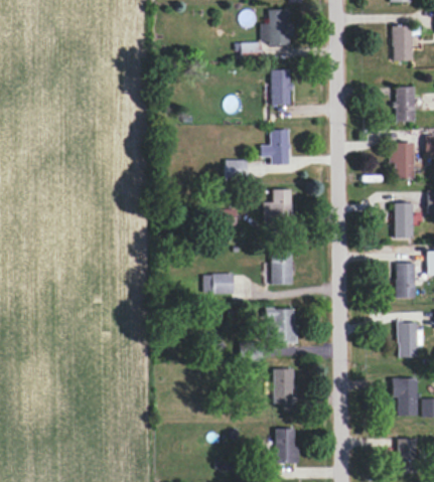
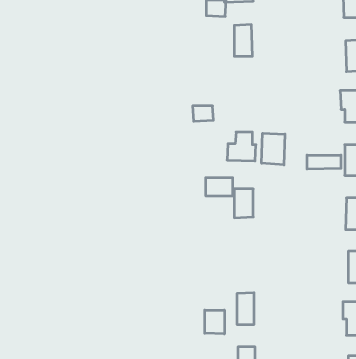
building: [260,130,289,165] -> none
building: none -> [262,133,285,165]
building: none -> [307,155,341,169]
building: [203,274,234,294] -> [206,178,233,196]
building: [265,308,296,344] -> none
building: none -> [205,310,224,334]

